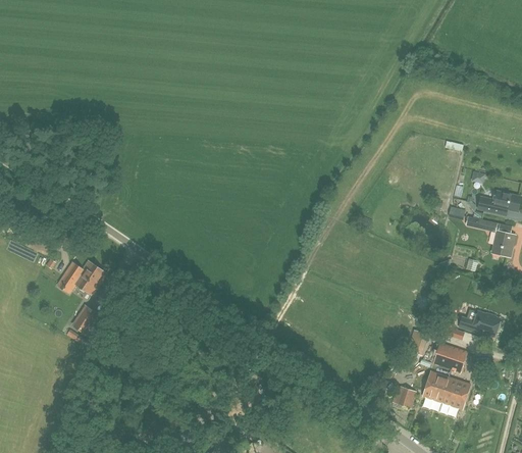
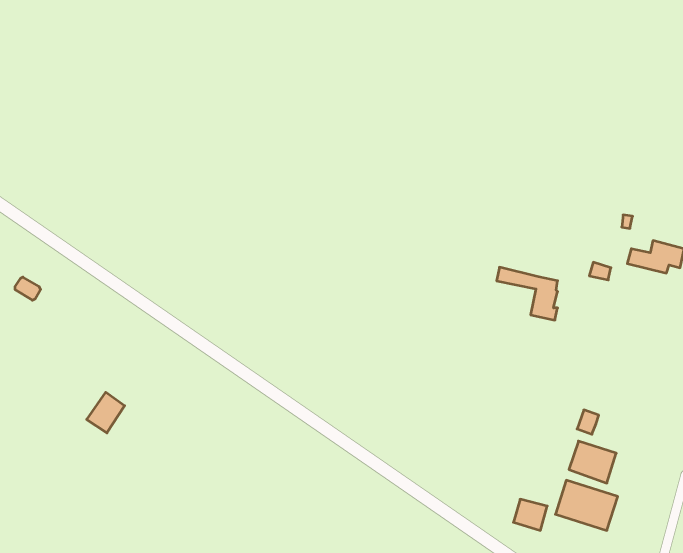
building: [466,215,512,255] -> [497,267,558,320]
building: [59,261,105,293] -> none
building: [457,313,498,338] -> none

